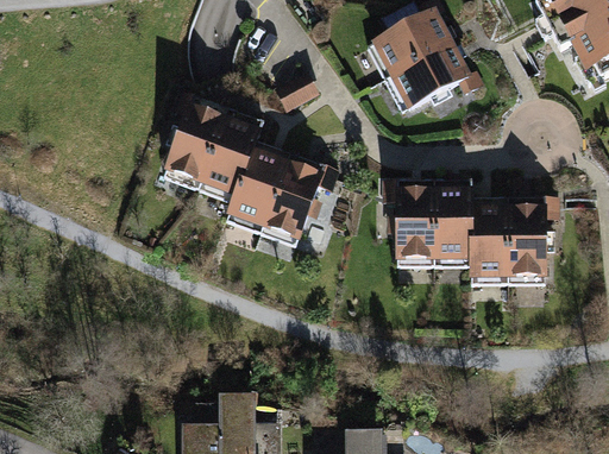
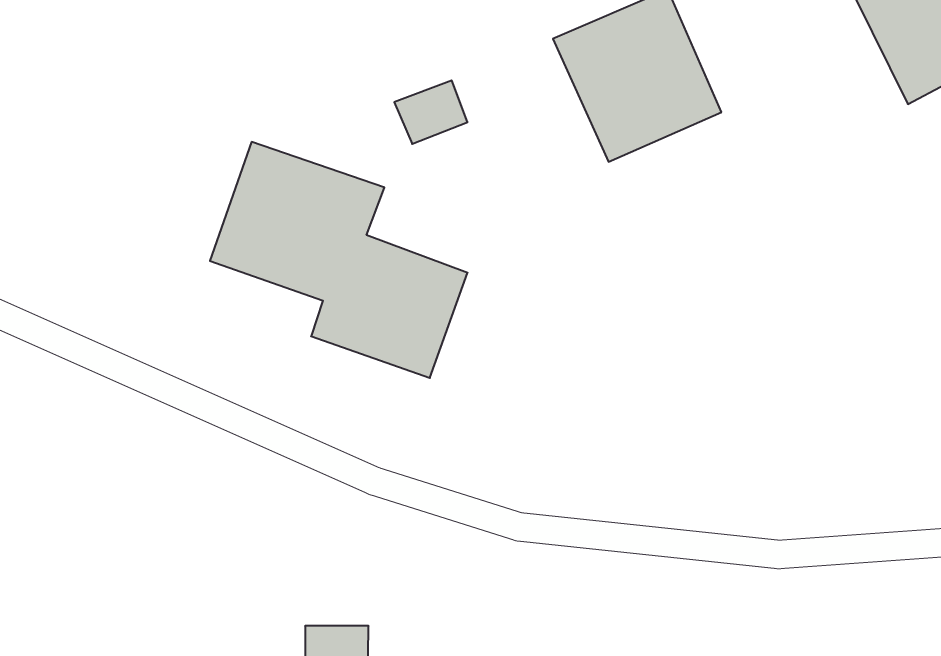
building: [395,187,547,282] -> none

